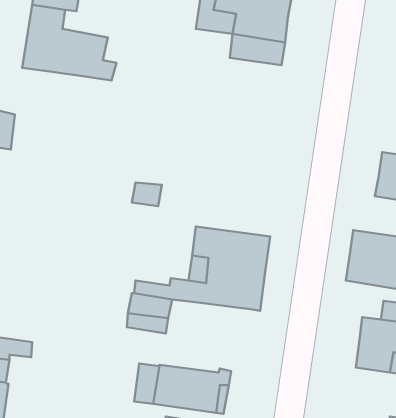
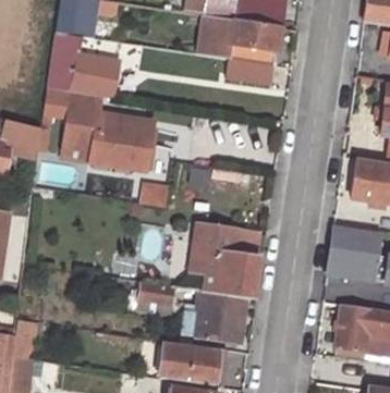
building: none -> [64,90,153,171]
building: none -> [184,291,246,342]

